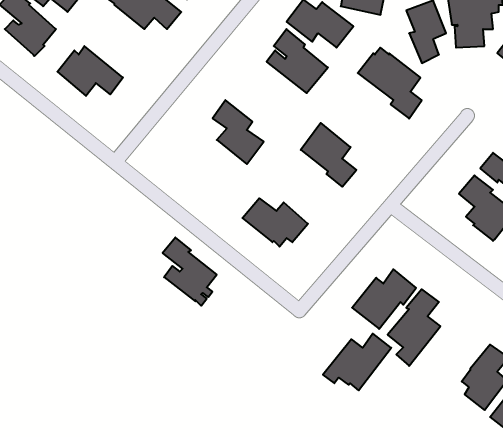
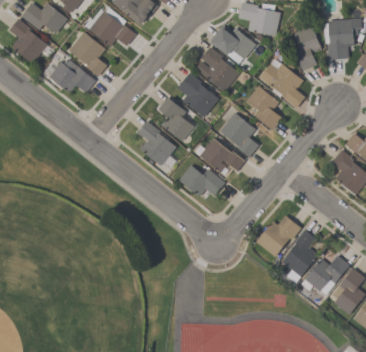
building: none -> [69,31,107,76]
building: none -> [177,73,219,117]
building: none -> [246,85,282,130]
building: none -> [199,138,245,174]
building: [163,237,217,306] -> [138,121,176,169]
building: [323,334,391,390] -> [302,255,350,295]

